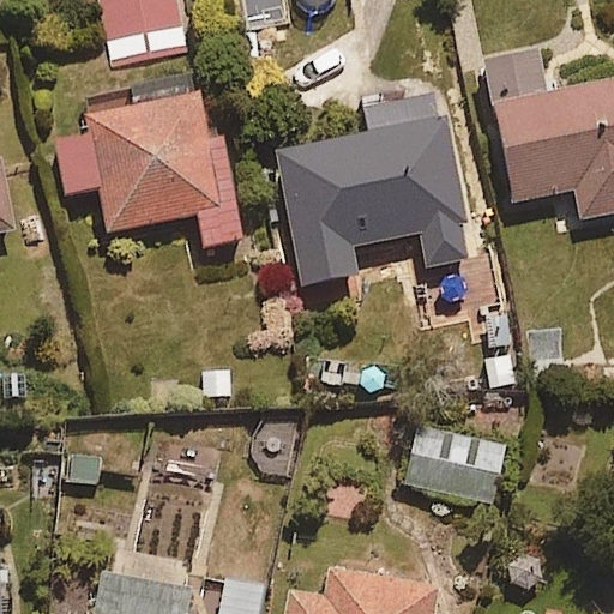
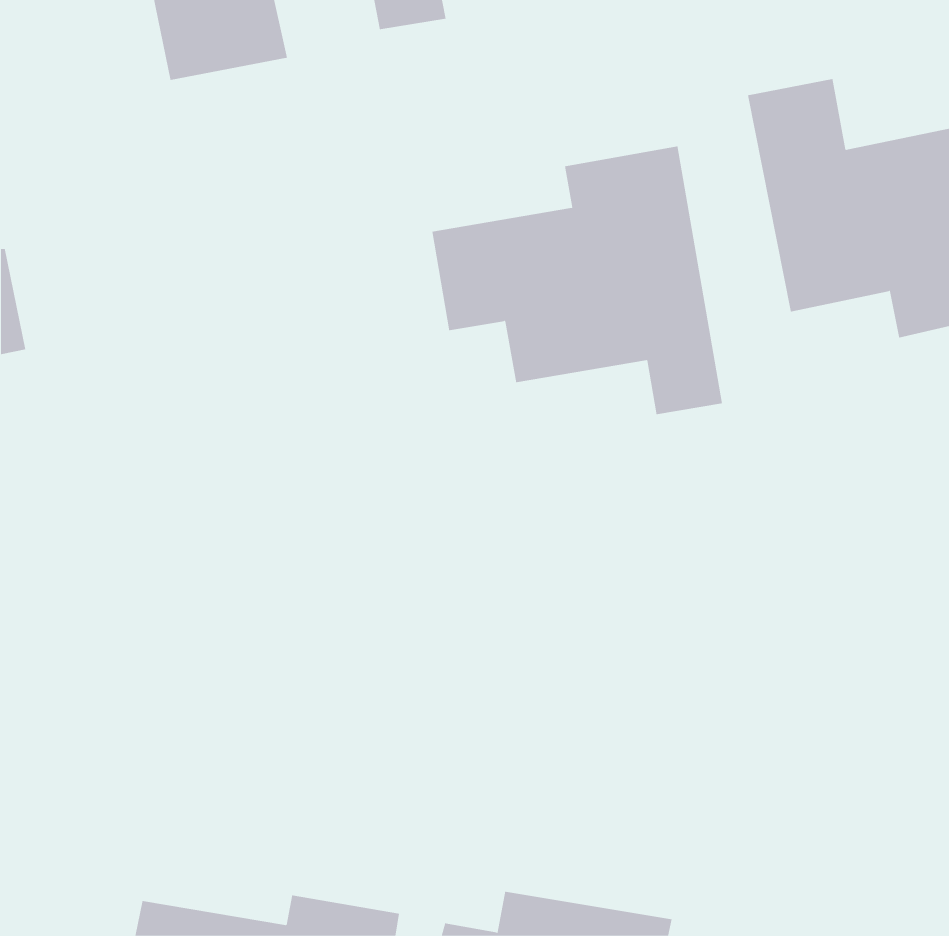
building: [55,96,241,243] -> none
building: [405,431,505,499] -> none

